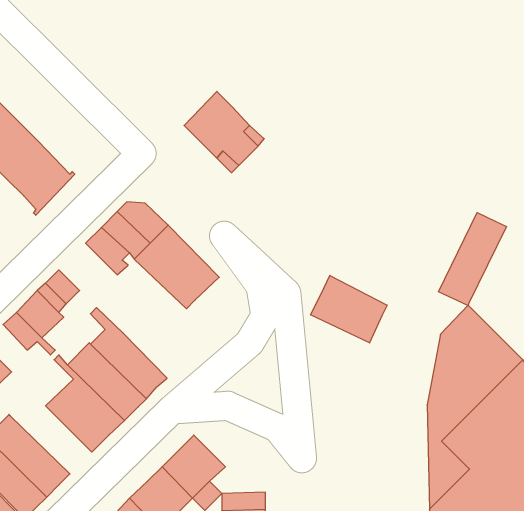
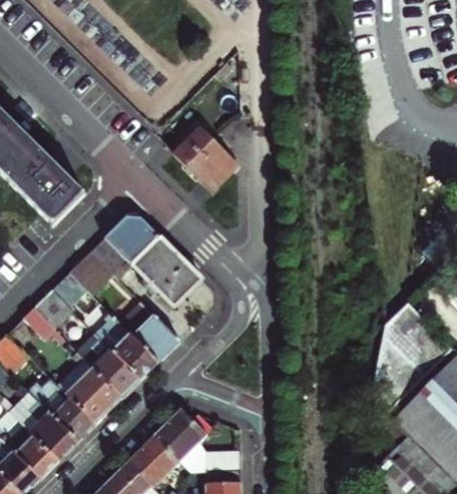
building: [438,213,507,306] -> none
building: none -> [70,251,113,294]
building: [311,275,387,343] -> none
building: none -> [123,303,181,362]
building: none -> [30,374,97,441]

